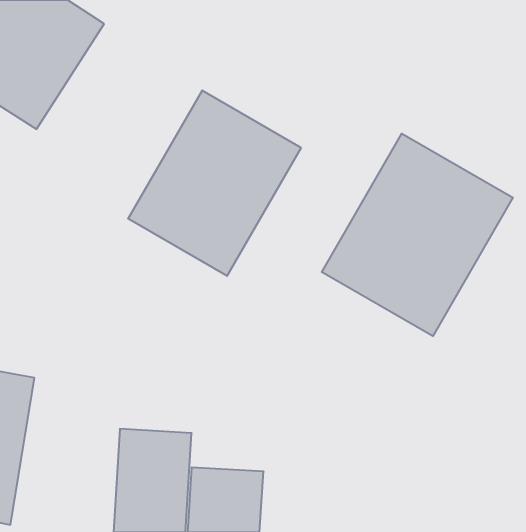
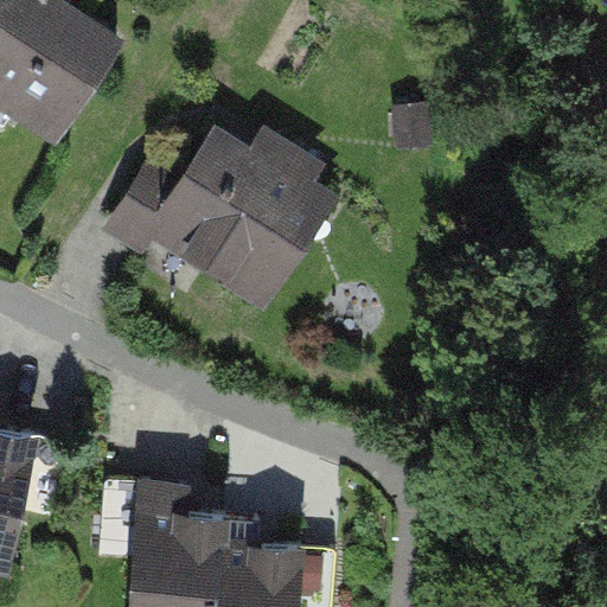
building: [322,134,513,336] -> none

